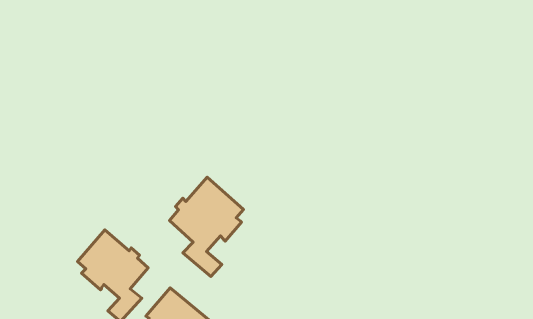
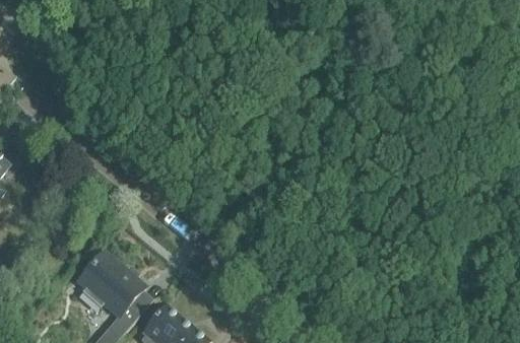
building: [169,177,244,276] -> none

